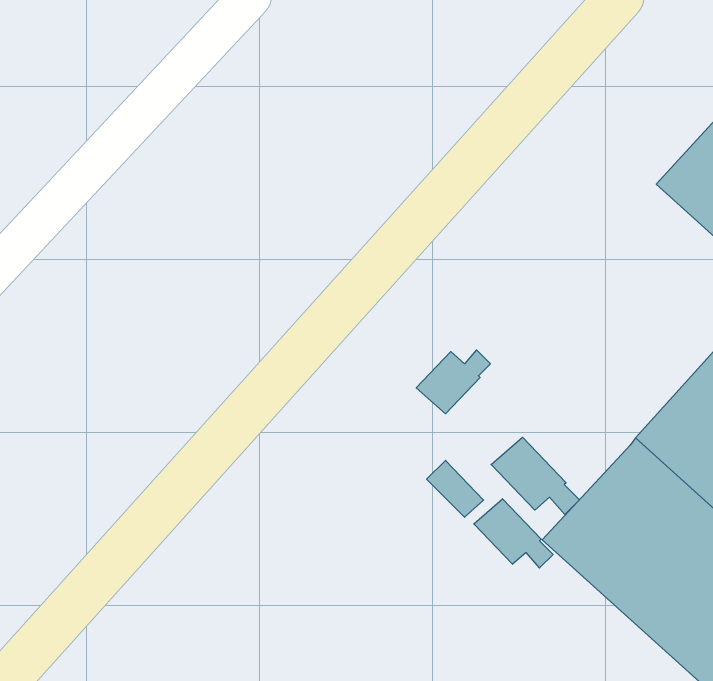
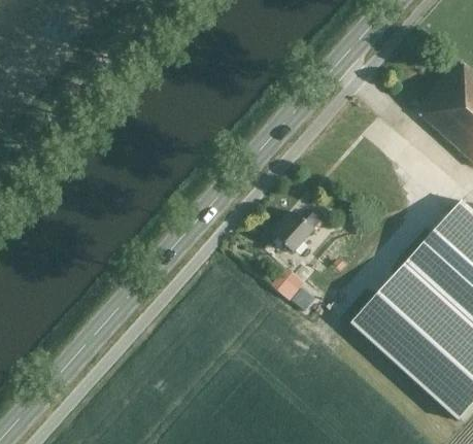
building: [491,437,579,514] -> none
building: [474,499,553,568] -> none

